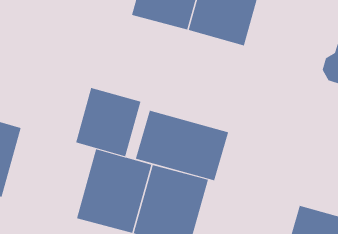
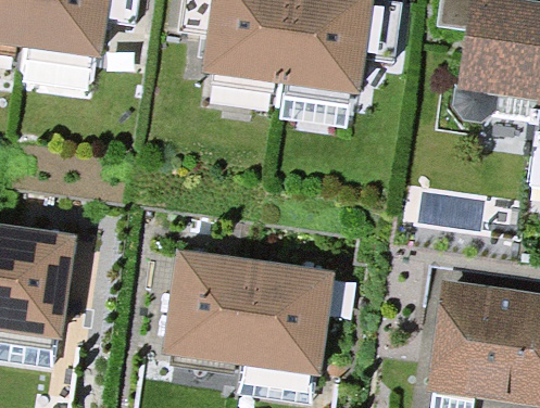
building: [76,87,141,157] -> none
building: [135,110,229,181] -> none

